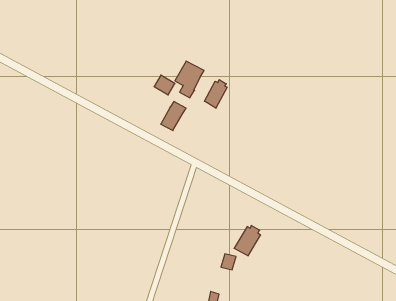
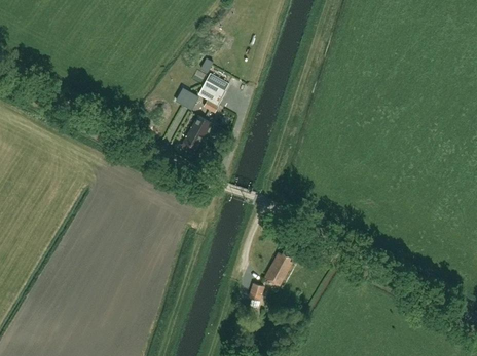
building: [204,80,227,108] -> none

